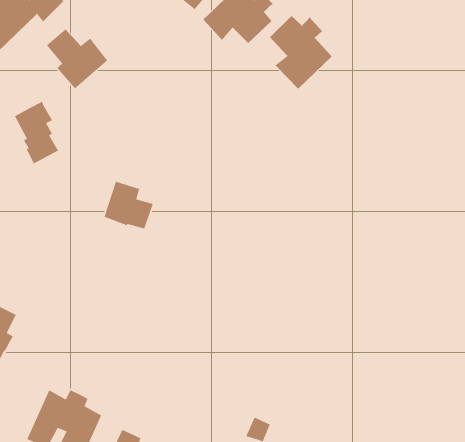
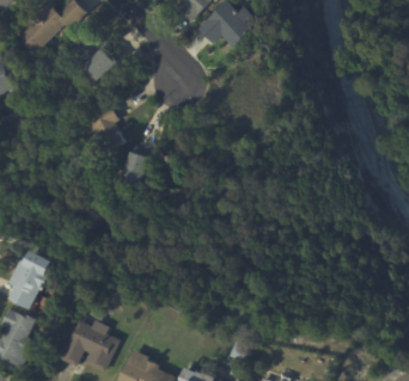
building: [269,15,333,89] -> none
building: [14,101,59,164] -> [88,105,124,155]

